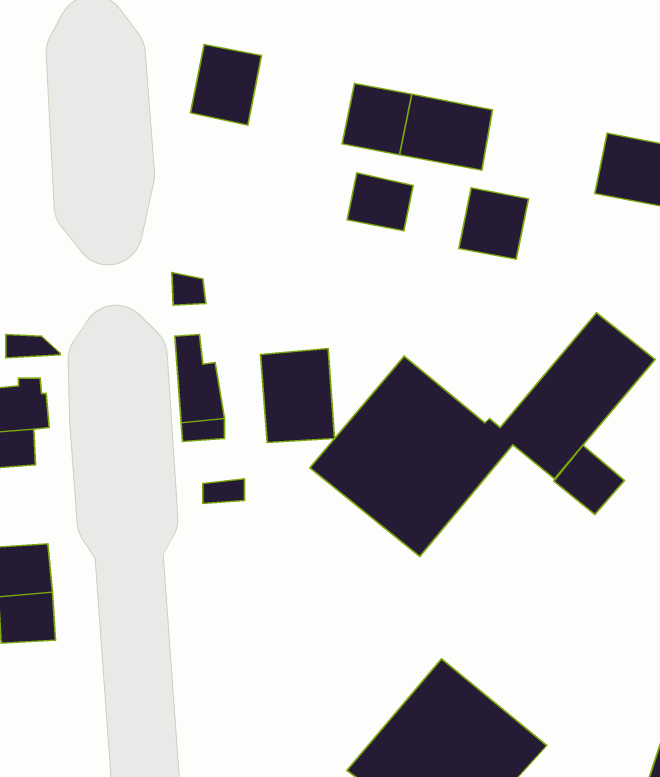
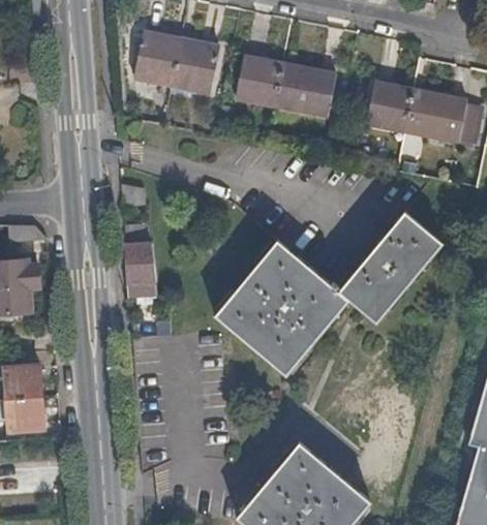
building: none -> [173,40,220,94]
building: [347,173,413,231] -> none
building: [459,188,529,259] -> [366,85,413,132]
building: [261,348,335,443] -> none
building: [554,445,625,514] -> none

